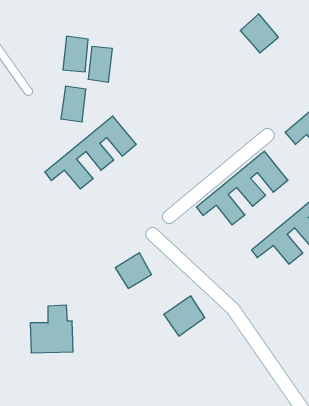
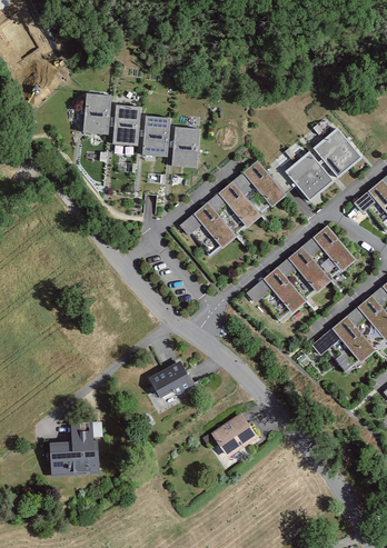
building: [240,14,278,53] -> [314,130,359,177]
building: none -> [172,128,204,169]
building: [61,86,86,122] -> [143,114,173,157]
building: none -> [286,153,331,200]
building: [45,116,136,189] -> [177,162,286,249]

